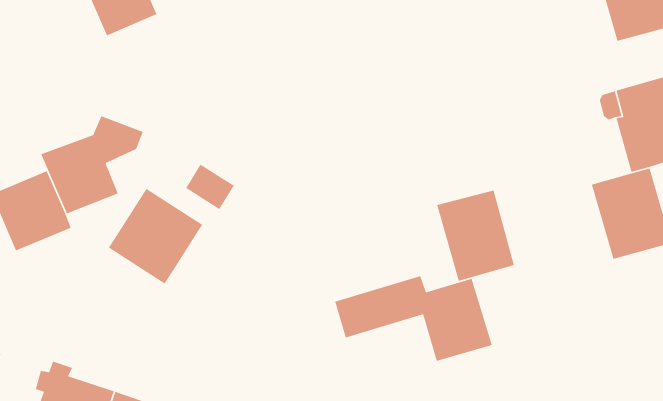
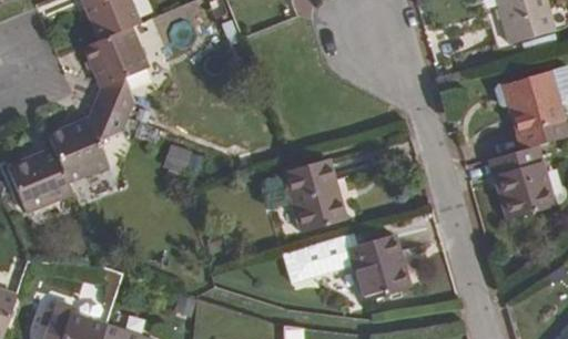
building: none -> [84,27,149,116]
building: [108,188,203,284] -> none
building: [436,189,515,282] -> [283,158,346,233]

